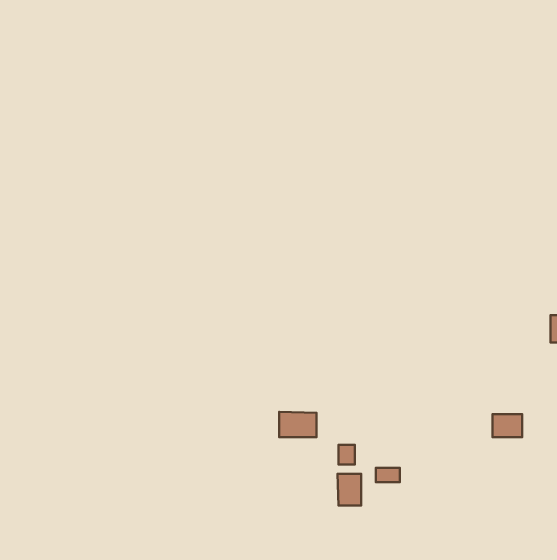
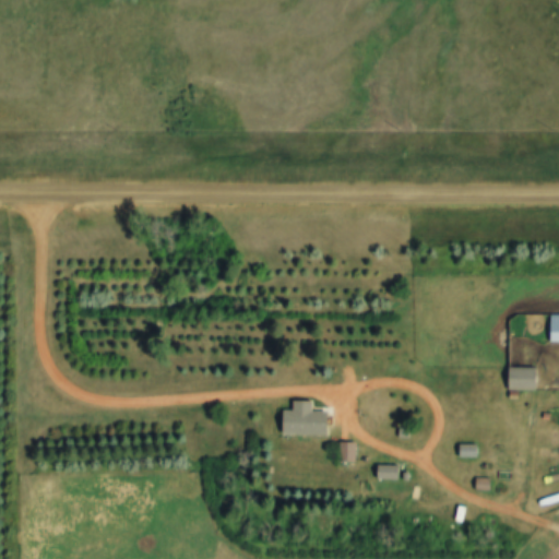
building: [493,414,522,437] -> [508,366,537,389]
building: [337,474,361,506] -> none

